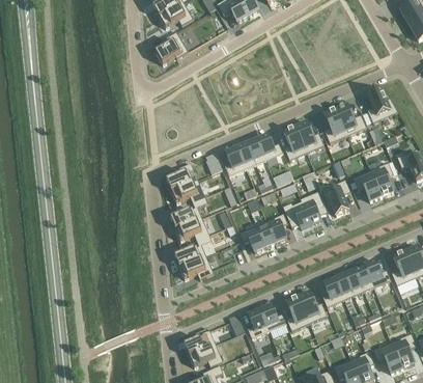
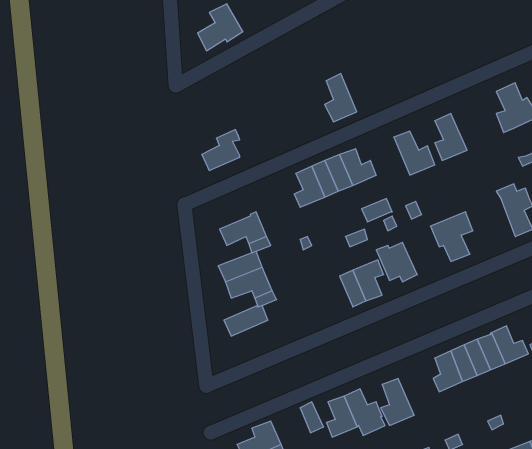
building: [335,104,366,135] -> none
building: [283,126,306,160] -> [325,74,357,122]
building: [166,162,193,191] -> [202,130,240,170]
building: [351,169,380,200] -> none
building: [300,191,327,223] -> none
building: [238,224,265,251] -> none
building: [179,255,213,278] -> none
building: [298,292,327,323] -> none

